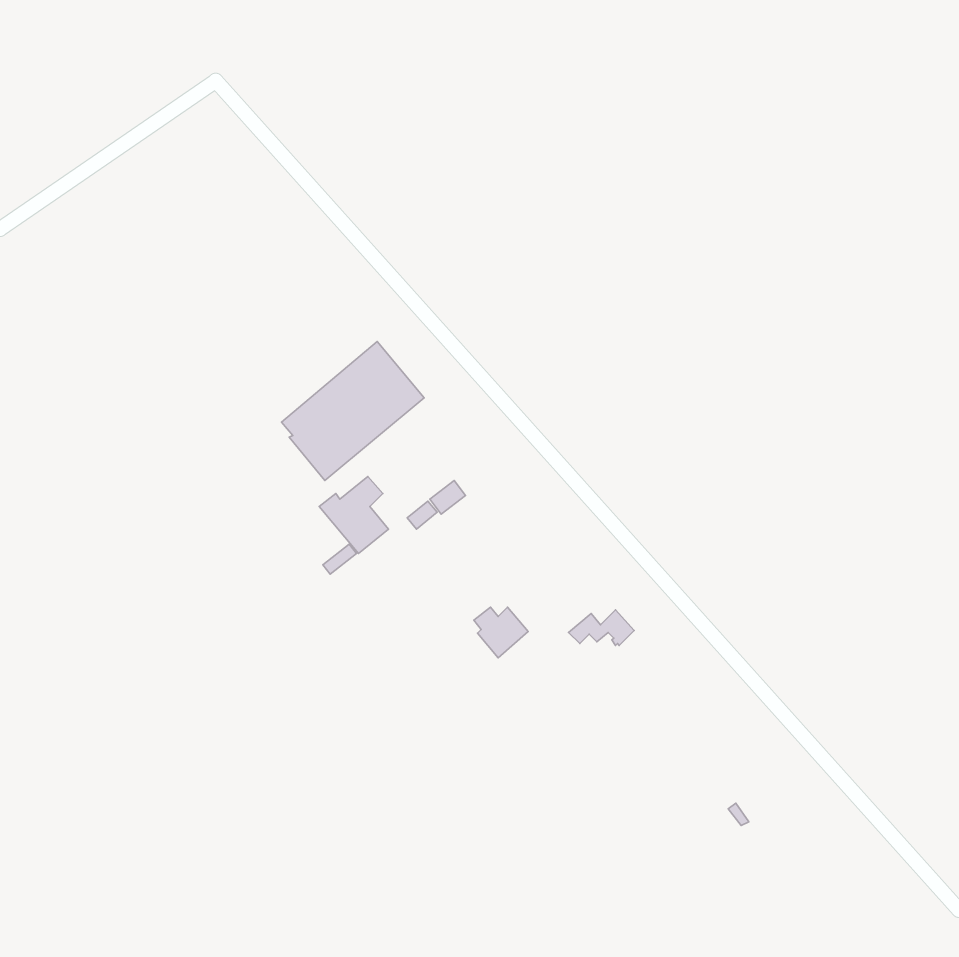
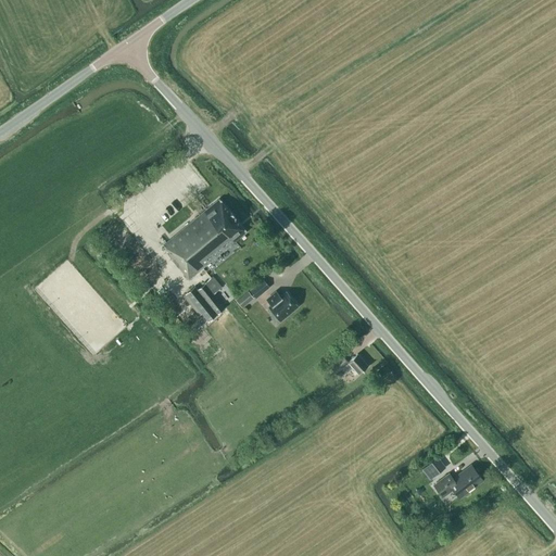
building: [474,607,528,658] -> [266,291,298,320]
building: none -> [434,466,482,498]

